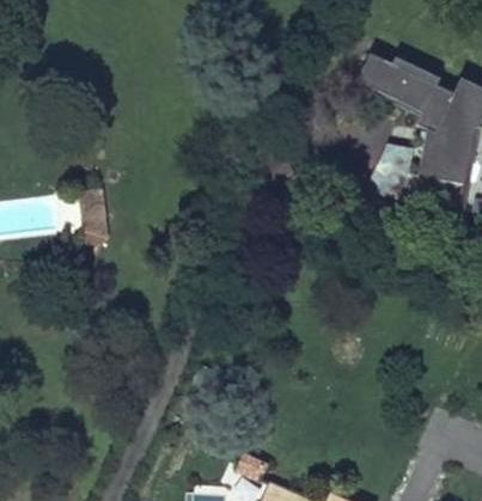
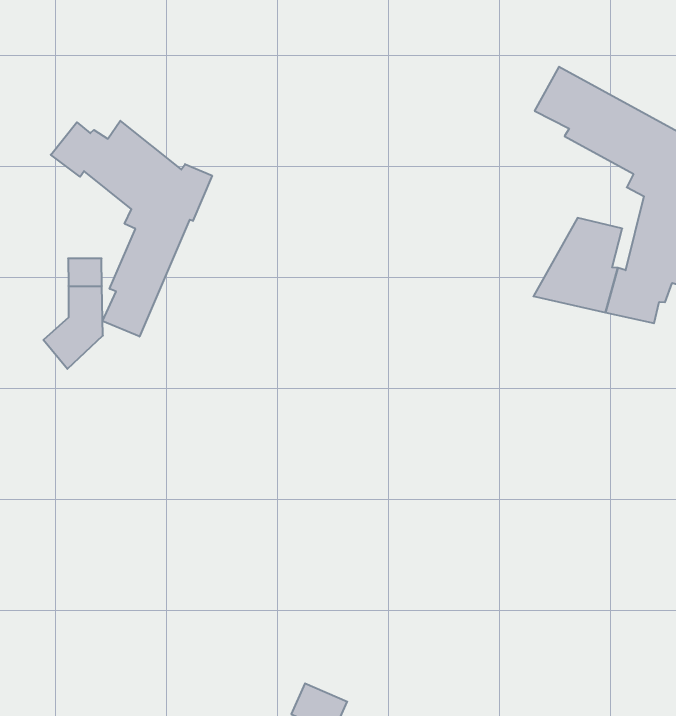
building: none -> [51,121,212,337]

